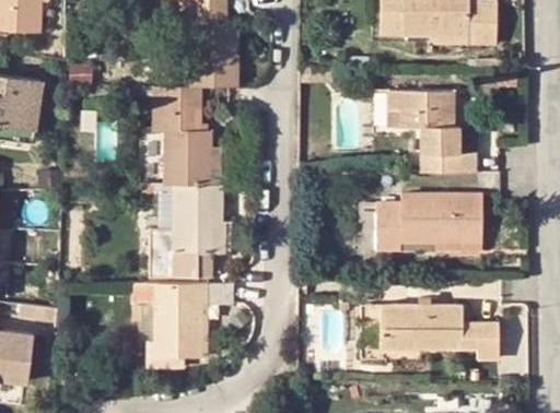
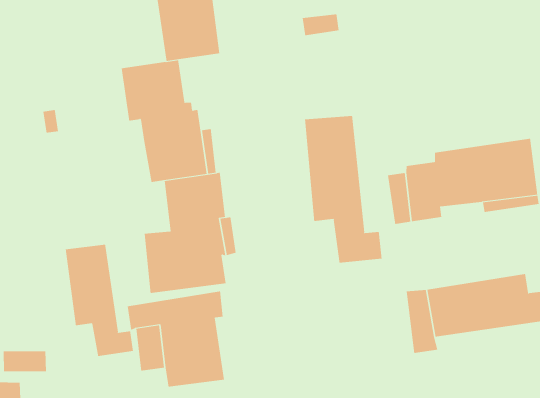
building: [369,90,478,172] -> none
building: none -> [304,115,382,264]
building: none -> [65,244,134,357]

